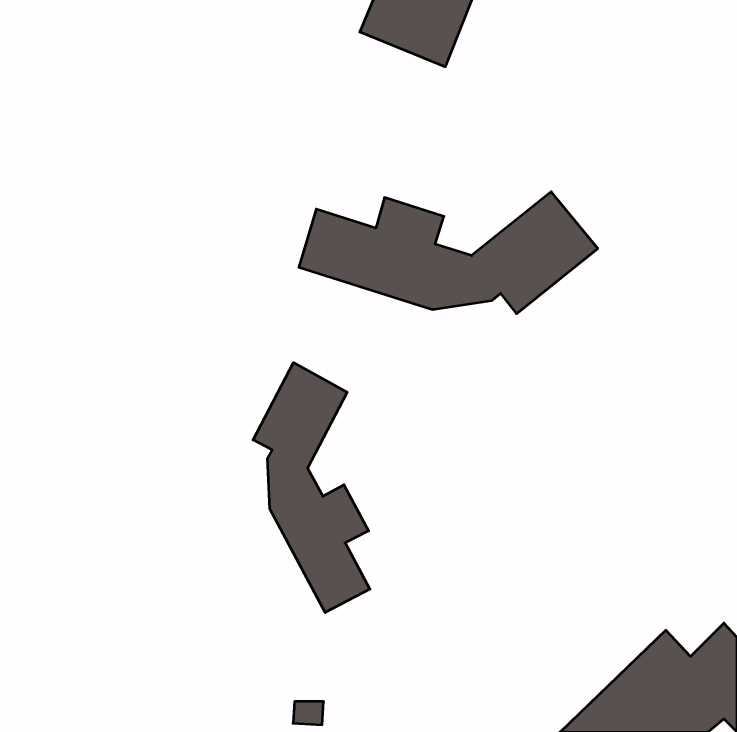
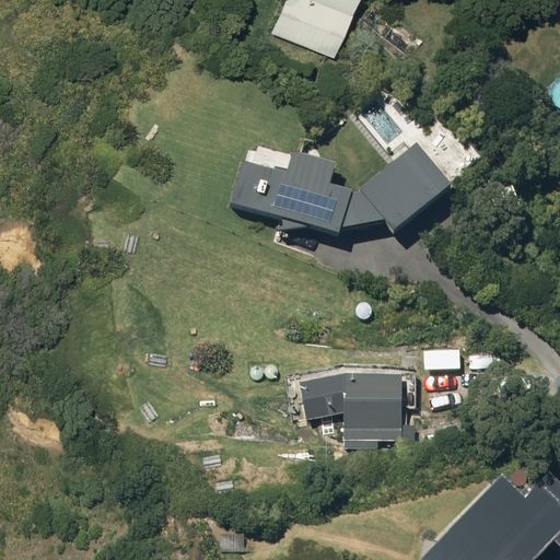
building: [253,363,370,613] -> none
building: none -> [306,371,416,444]

